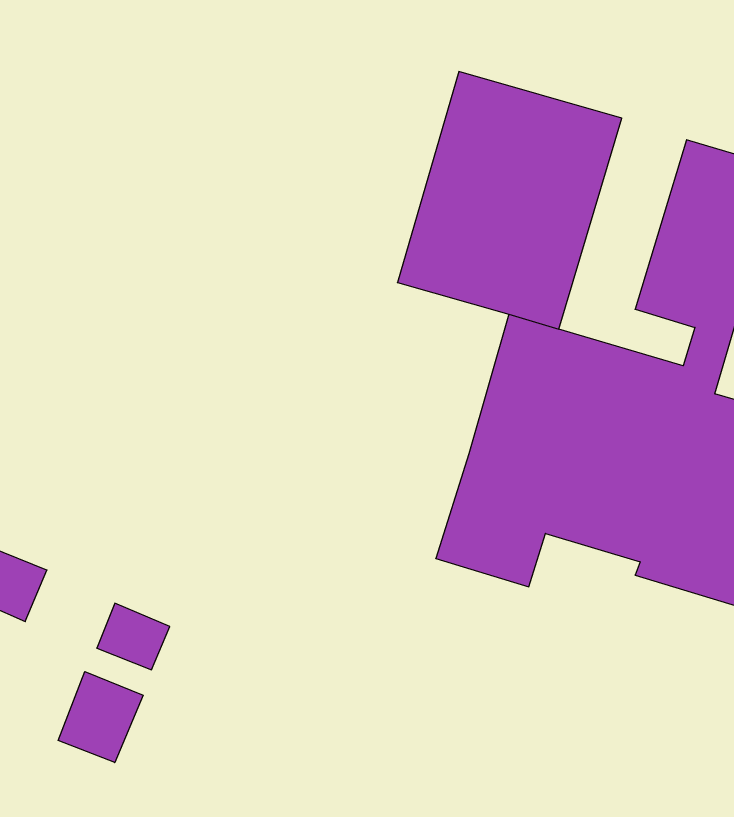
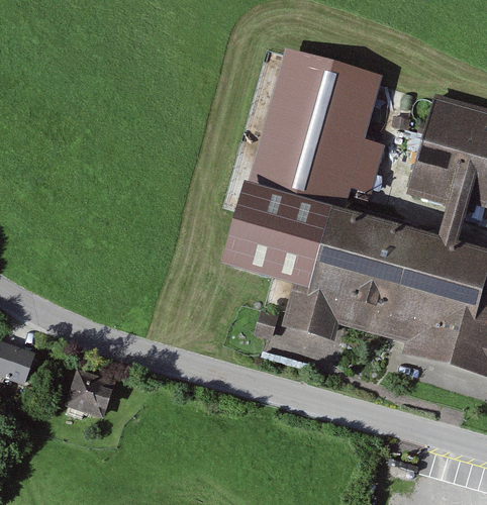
building: none -> [222,176,321,280]
building: [58,672,143,763] -> none

